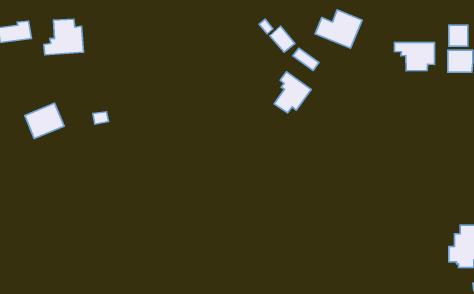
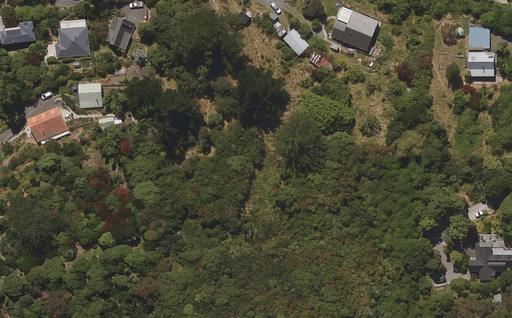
building: none -> [104,17,134,51]
building: [394,42,434,71] -> none
building: [274,72,311,113] -> none
building: none -> [78,84,101,107]

